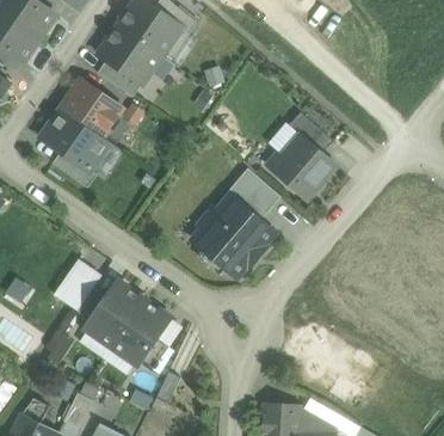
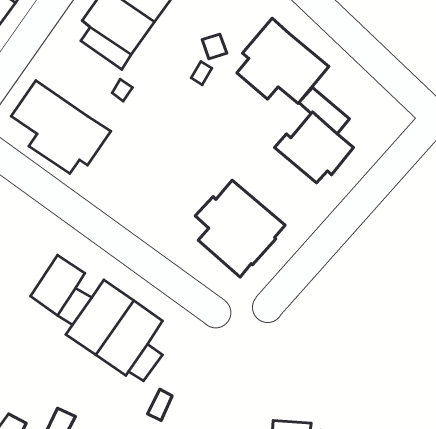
building: none -> [237,18,329,103]
building: [57,75,124,137] -> none
building: [227,168,279,220] -> none

